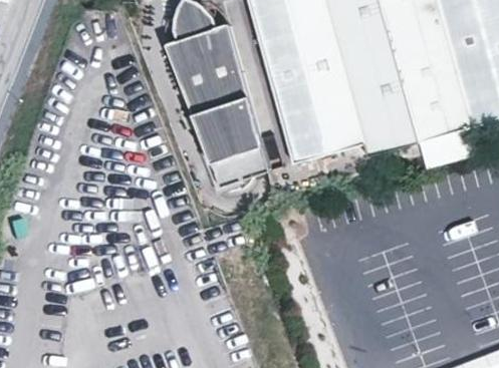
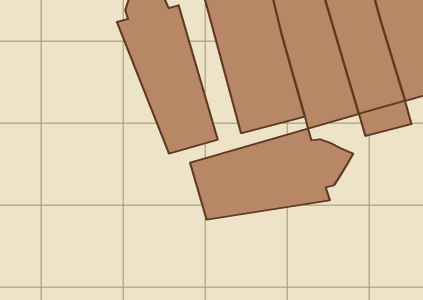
building: none -> [190,129,353,220]

